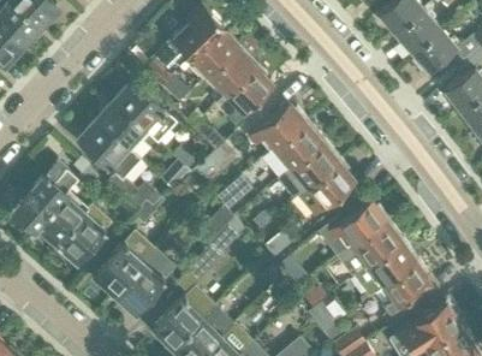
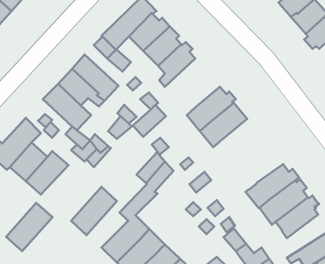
building: [248,103,307,149] -> none
building: [298,161,353,216] -> none
building: [319,201,389,256] -> none
building: [95,232,154,293] -> [6,203,52,251]

